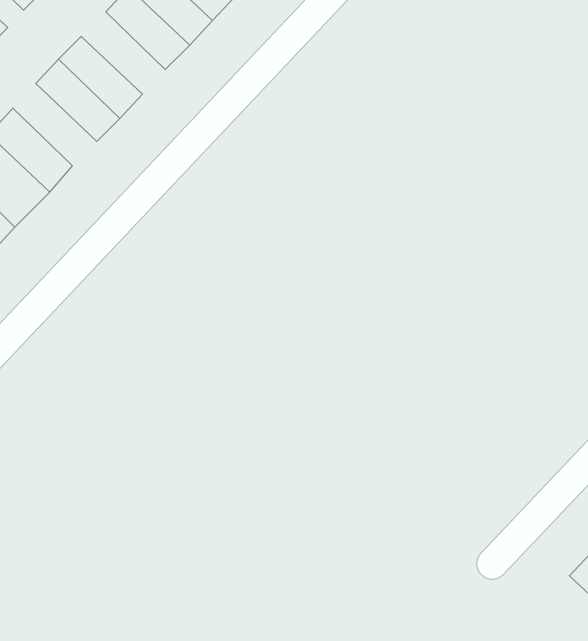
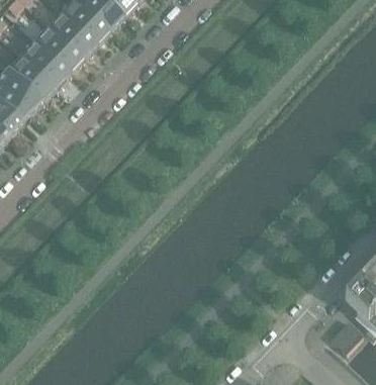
building: none -> [48,10,96,58]
building: none -> [8,52,57,99]

